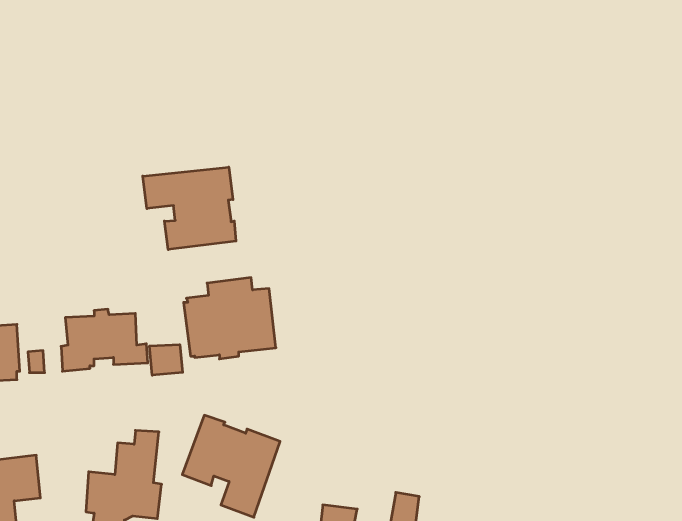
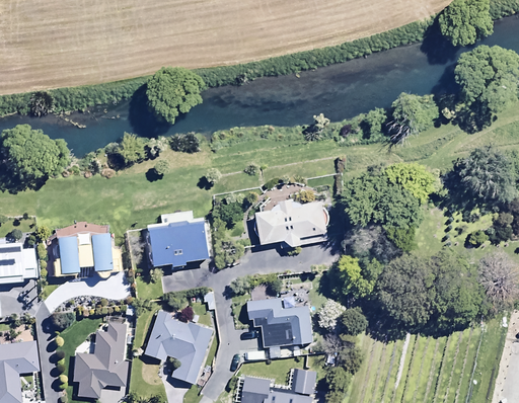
building: [143,167,236,250] -> none
building: none -> [256,197,328,248]
building: [150,345,183,375] -> none
building: none -> [247,287,314,347]

